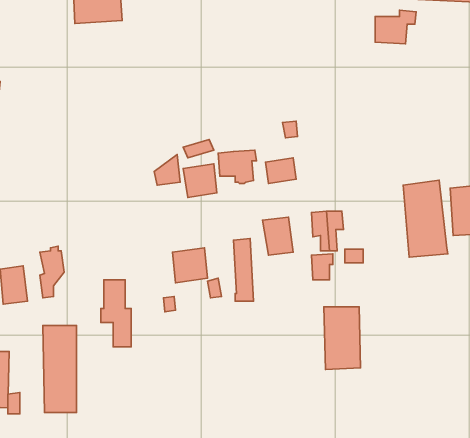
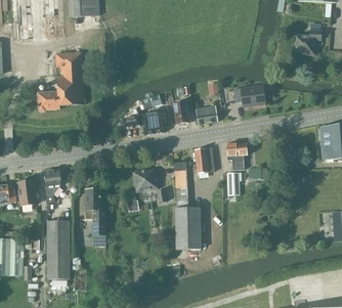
building: [375,10,416,44] -> [294,32,322,54]
building: none -> [37,52,83,112]
building: none -> [233,85,265,105]
building: [403,180,448,257] -> none
building: [324,307,361,369] -> [175,208,200,250]

